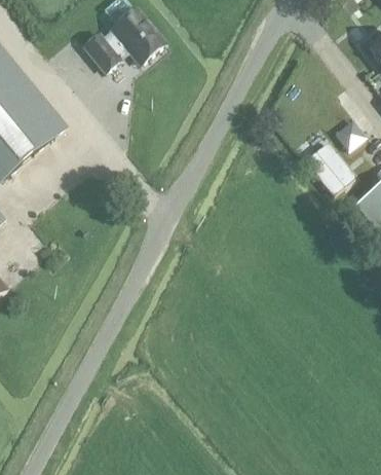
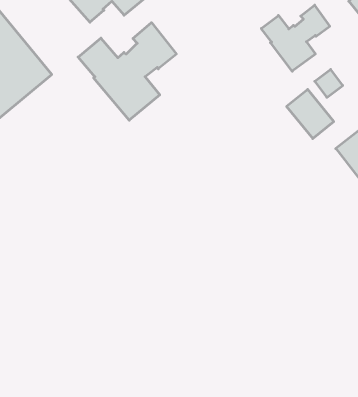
building: none -> [261,5,330,71]
building: none -> [78,23,176,120]

